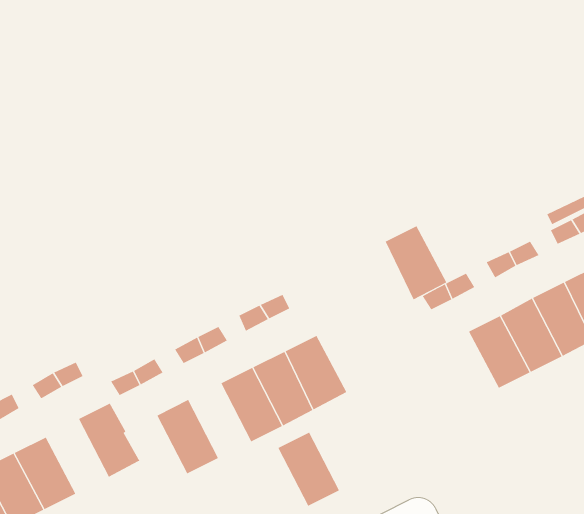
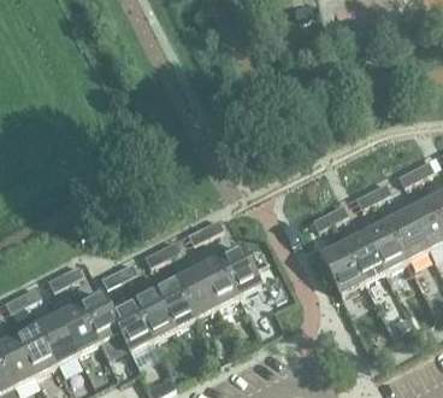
building: [385,226,447,300] -> [323,241,365,292]
building: none -> [112,298,154,350]
building: none -> [59,300,101,351]
building: [277,432,340,507] -> [155,276,197,327]

